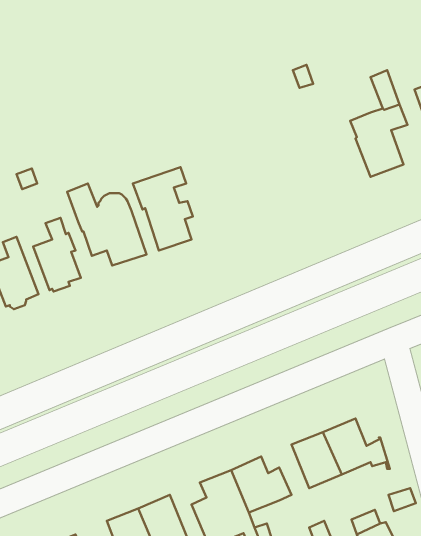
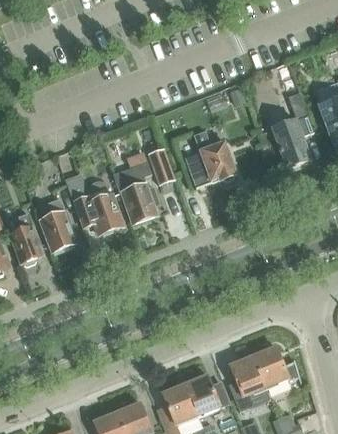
building: none -> [187,130,237,188]
building: none -> [148,148,174,184]

